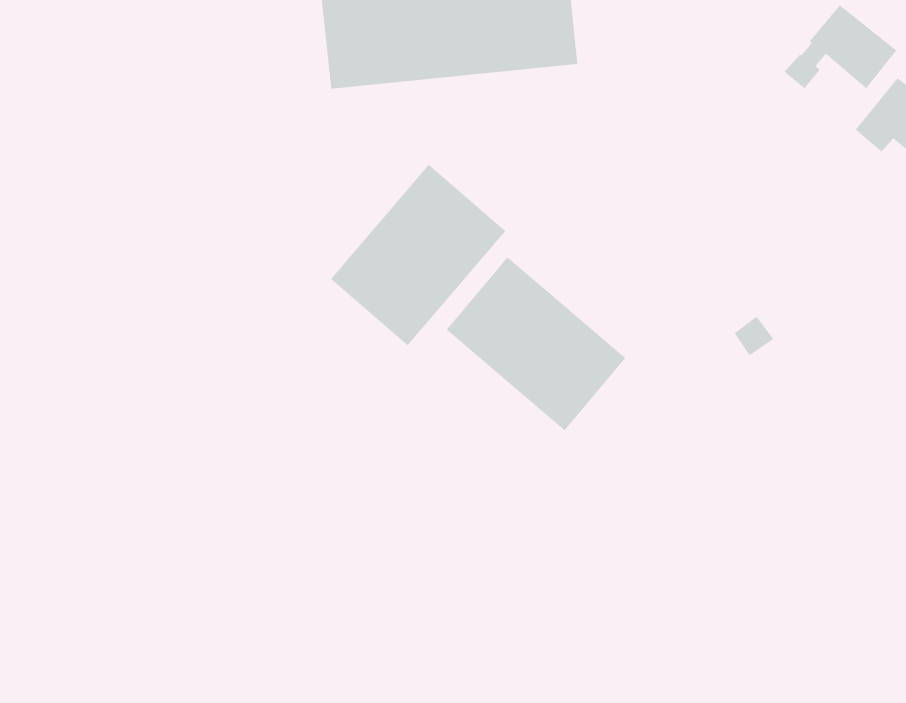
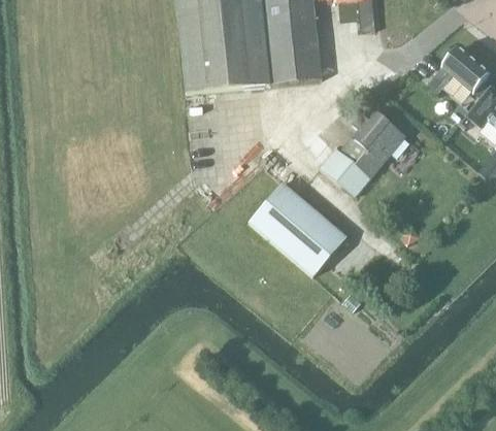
building: none -> [310,110,403,197]
building: [330,164,506,346] -> none

